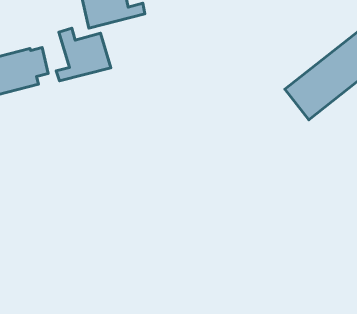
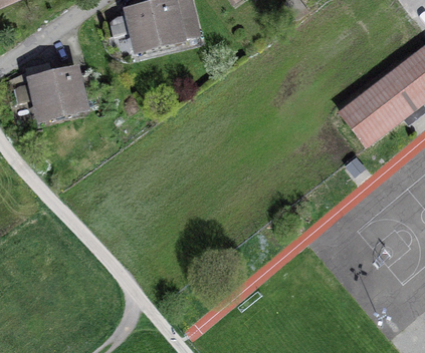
building: [56,28,111,81] -> none

